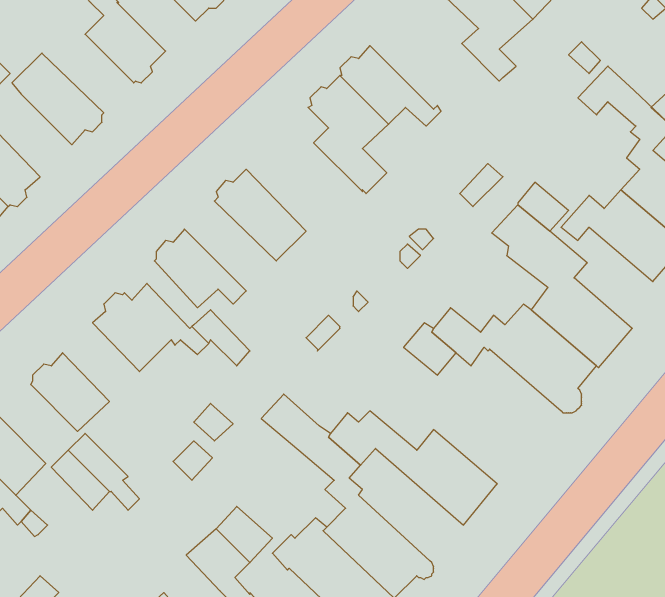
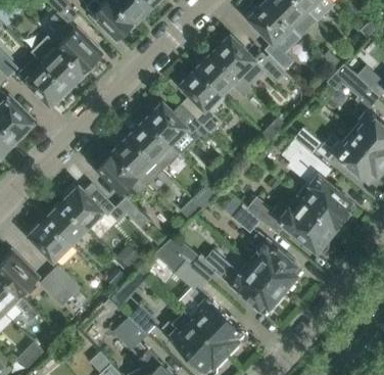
building: none -> [31,37,85,90]
building: none -> [213,37,284,88]
building: none -> [146,104,209,156]
building: none -> [112,138,162,187]
building: none -> [46,204,88,247]
building: none -> [248,233,302,292]

